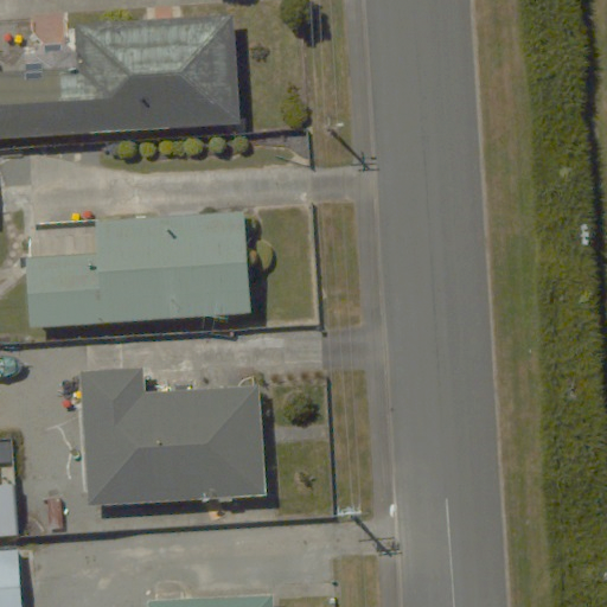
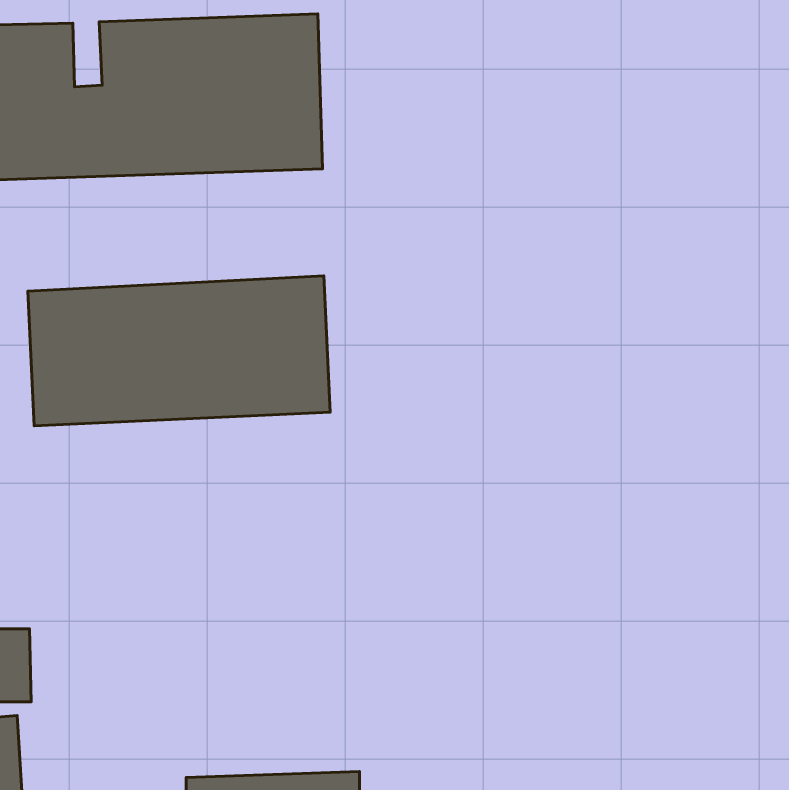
building: [71,365,261,509] -> none

